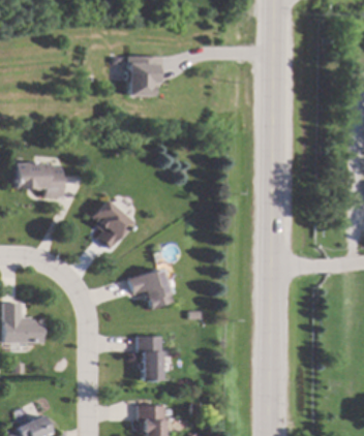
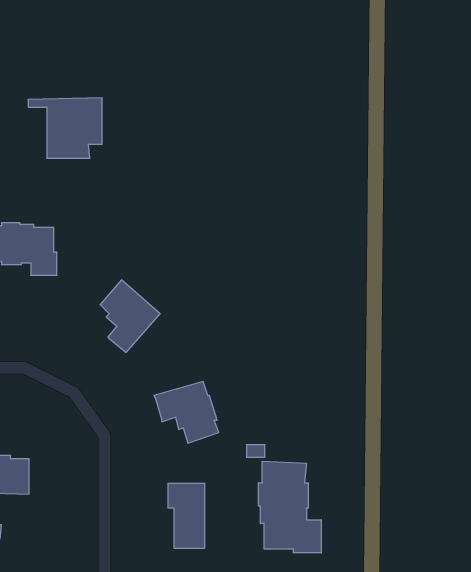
building: [113,55,162,95] -> [28,98,102,158]
building: none -> [259,461,321,553]

